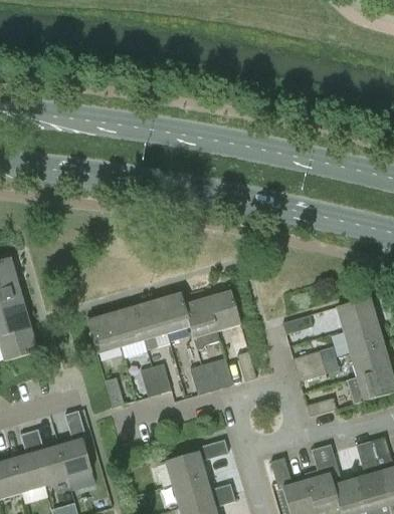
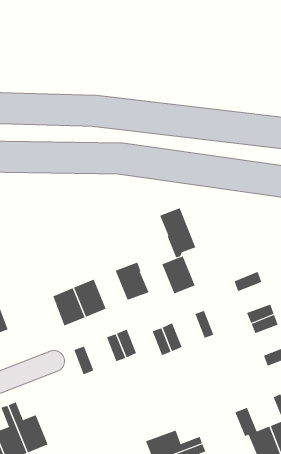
building: [184,297,220,350] -> [159,208,196,258]
building: [134,299,167,350] -> none
building: [58,410,92,478] -> none
building: [166,439,228,484] -> none

